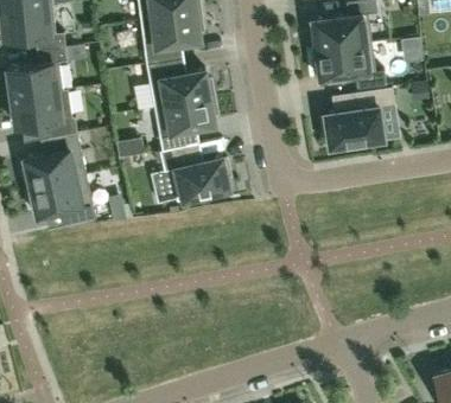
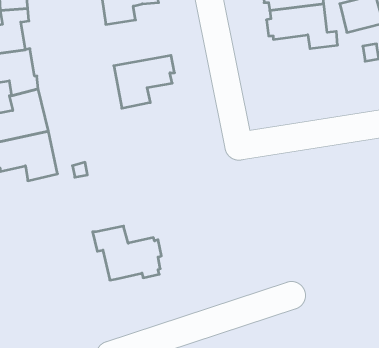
building: [146,60,214,108] -> none
building: [320,89,395,152] -> none
building: [159,146,230,202] -> [93,226,161,280]

